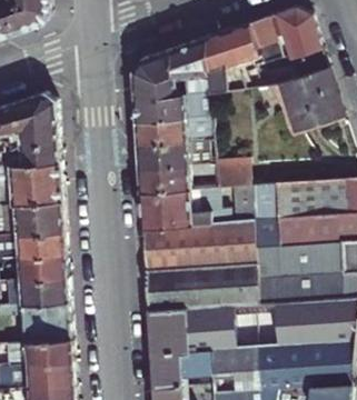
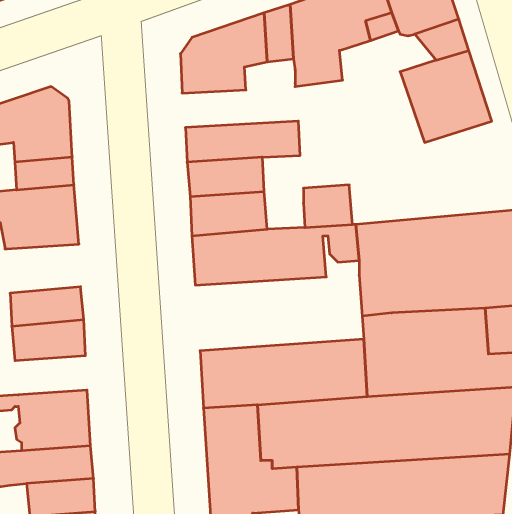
building: [132,90,211,120] -> none
building: [13,199,63,232] -> none
building: [141,220,256,271] -> none
building: [19,274,68,301] -> none

